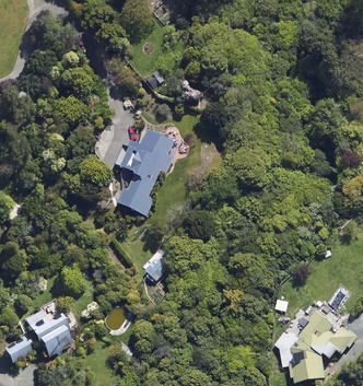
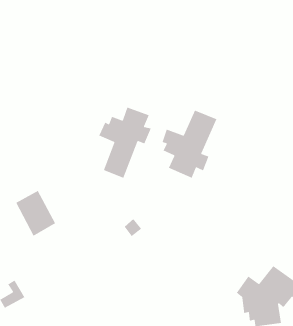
building: none -> [161,110,218,179]
building: [25,304,72,358] -> [15,190,56,237]

